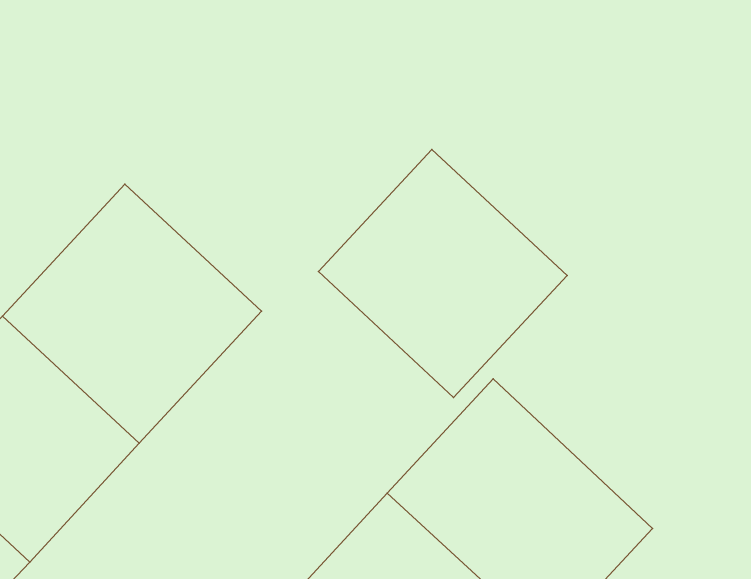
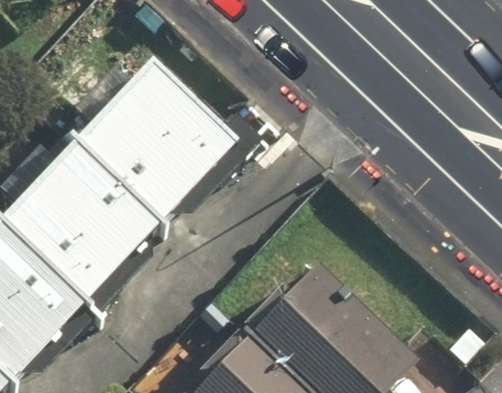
building: none -> [89,56,252,218]
building: [318,149,567,398] -> none

